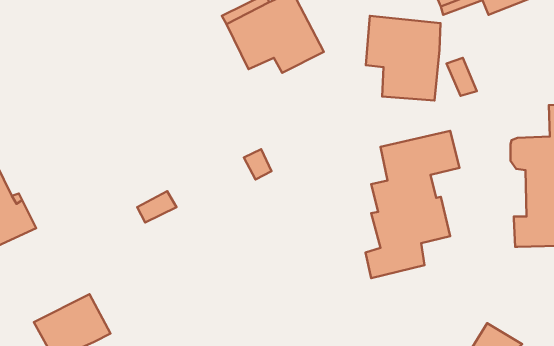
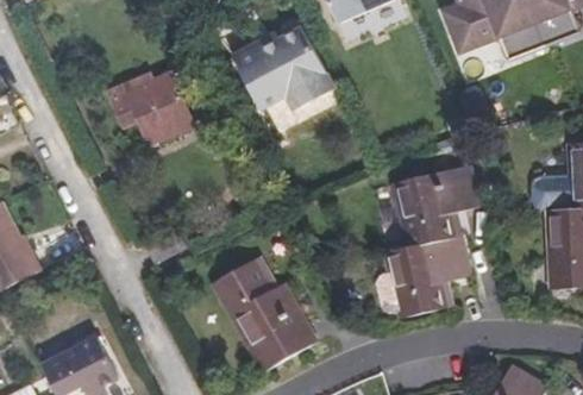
building: [366,16,441,100] -> none
building: none -> [111,76,192,144]
building: none -> [201,263,314,371]

